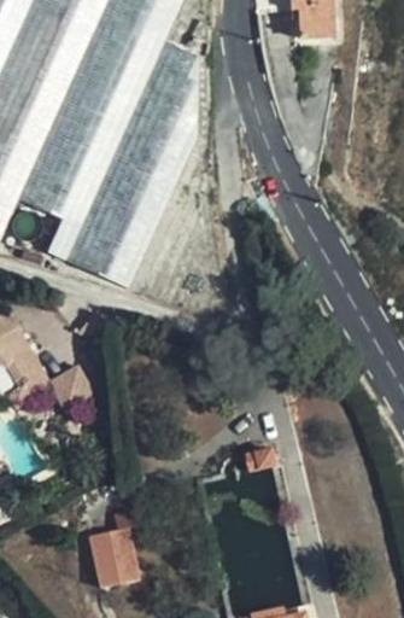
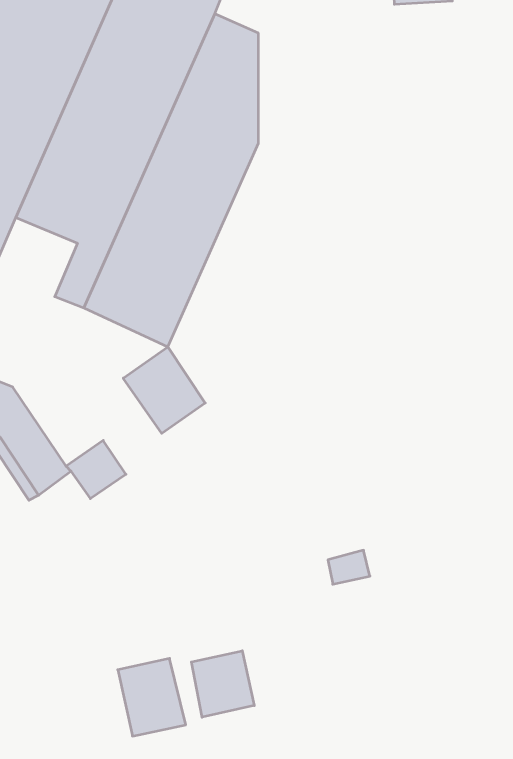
building: none -> [123,347,205,433]
building: none -> [191,651,254,717]

